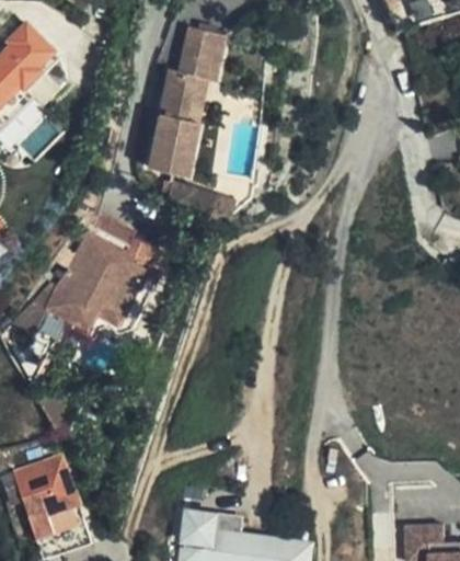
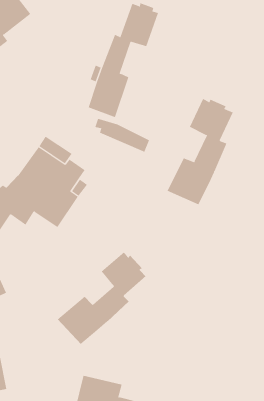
building: none -> [167,98,233,205]
building: none -> [57,251,146,345]

